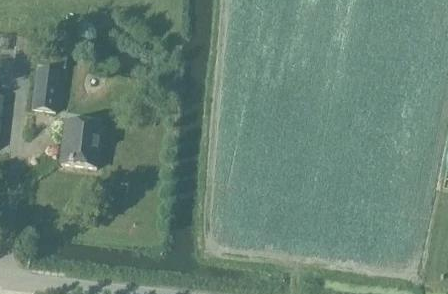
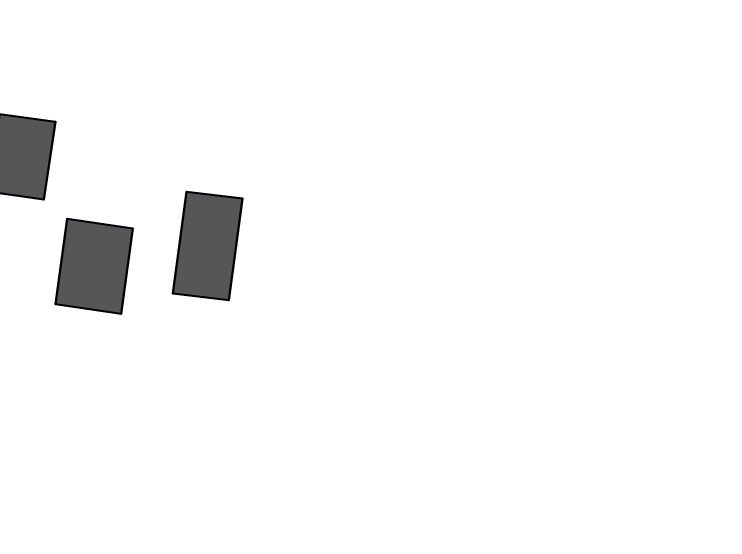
building: none -> [173,192,243,300]

